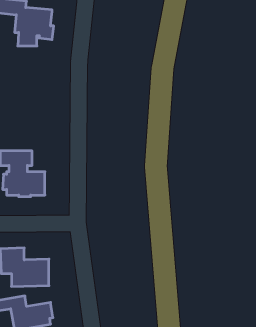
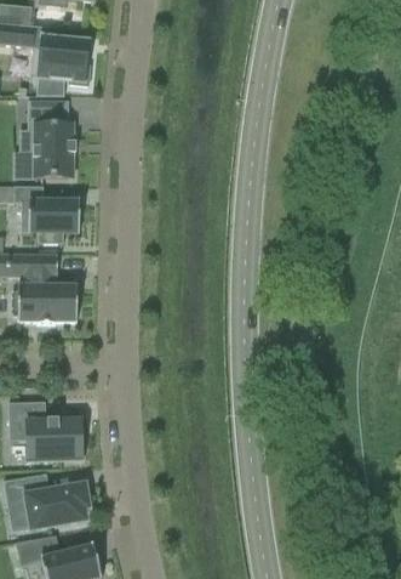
building: none -> [19,100,71,177]
building: none -> [12,186,78,243]

